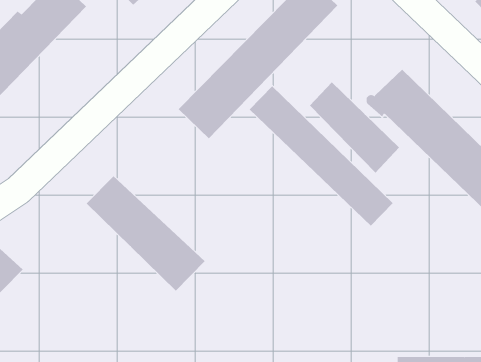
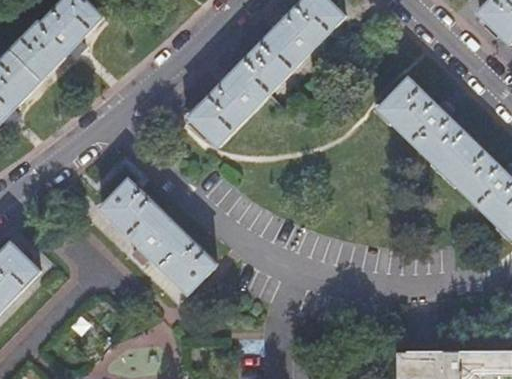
building: [309,82,400,173] -> none
building: [249,85,393,226] -> none

